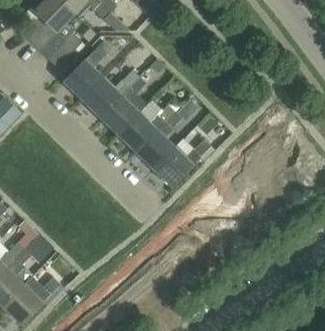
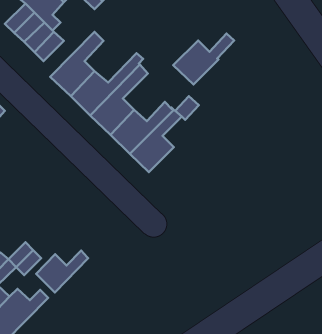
building: [153,140,209,187] -> [173,34,234,85]
building: none -> [36,250,88,292]

